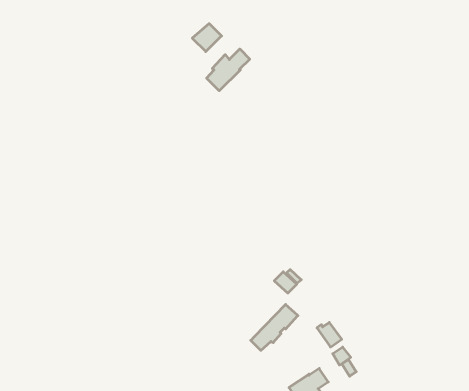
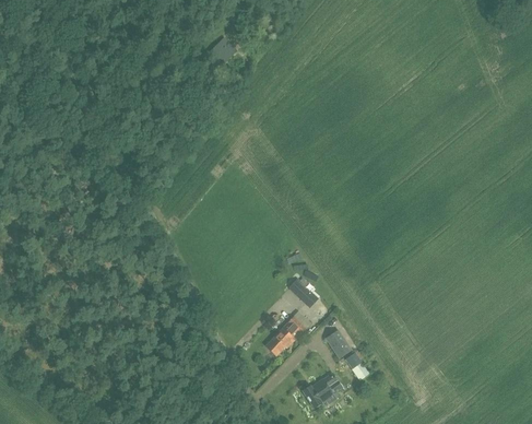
building: [207,49,250,91] -> none

